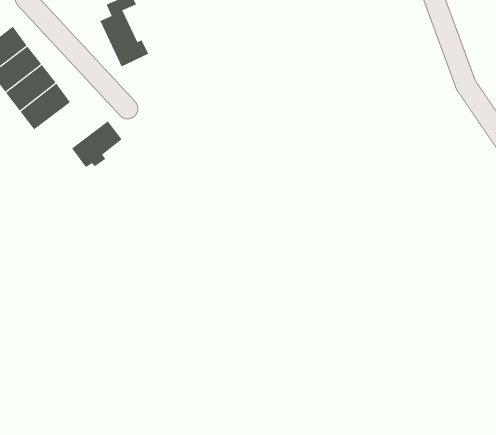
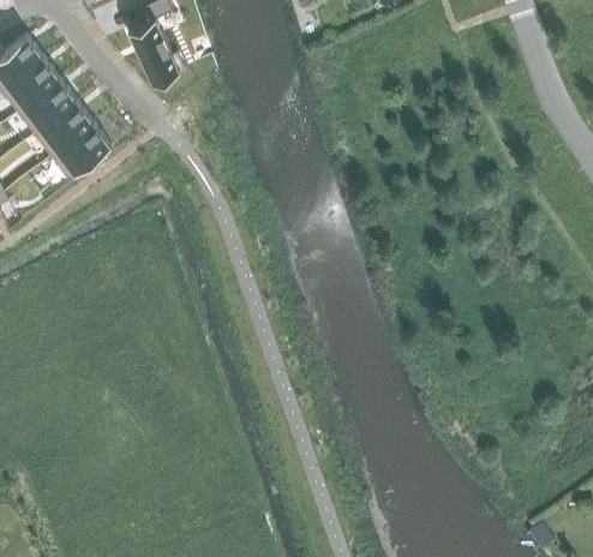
building: [71,121,123,168] -> [53,125,113,180]

